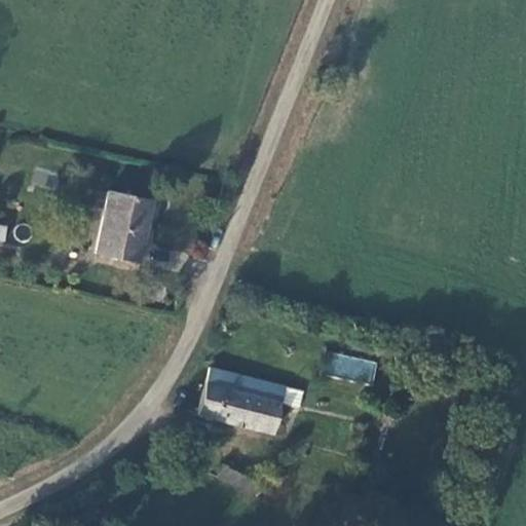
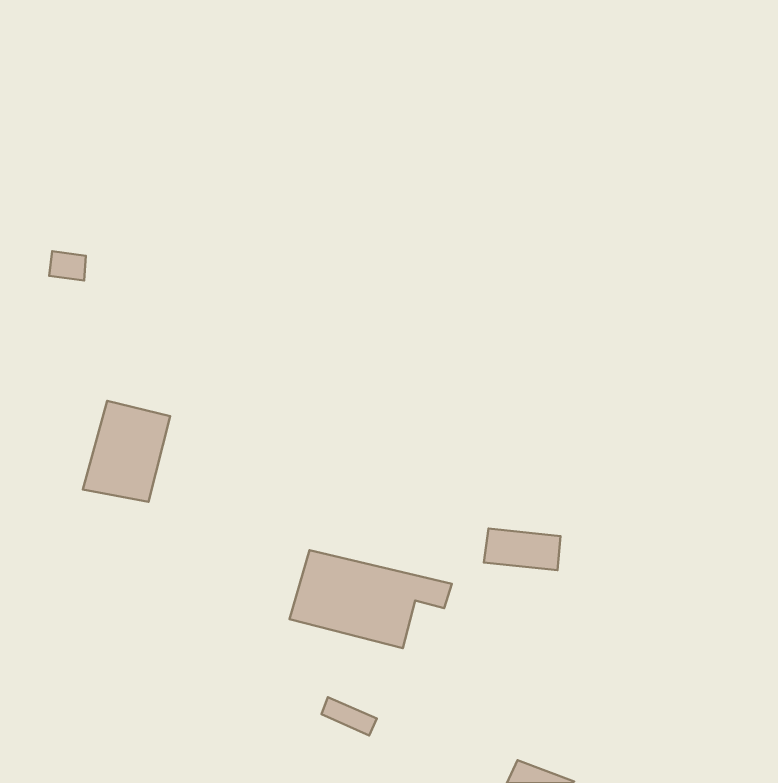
building: [96,192,154,260] -> [83,401,170,502]

